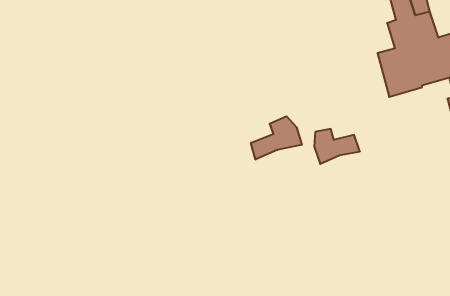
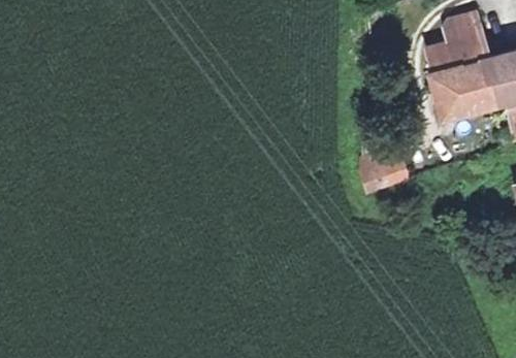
building: [251,116,302,160] -> none

